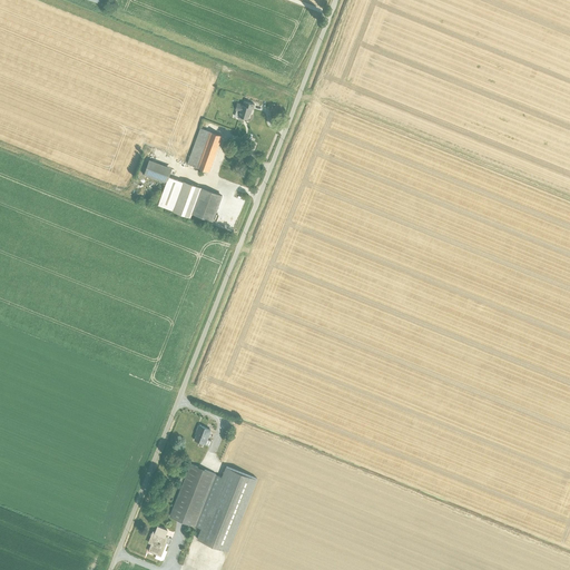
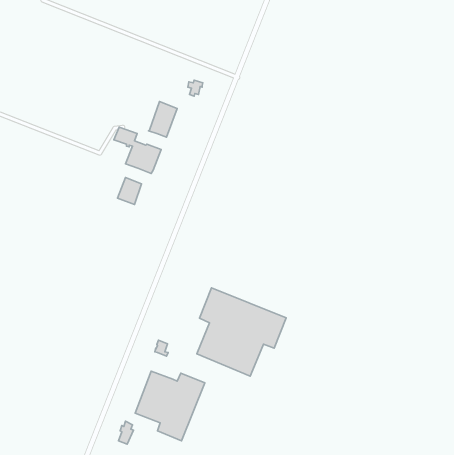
building: [191,187,222,220] -> [117,178,142,204]
building: none -> [197,288,286,376]

